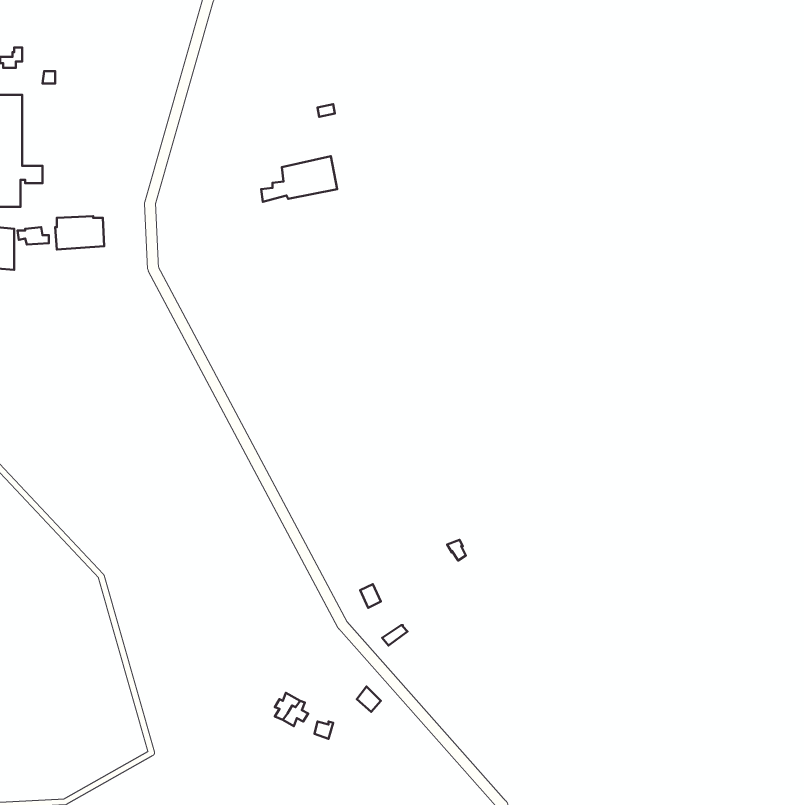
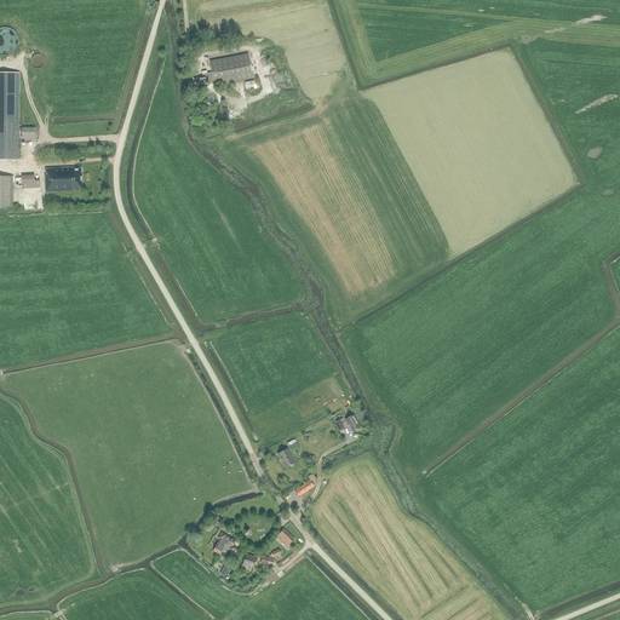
building: [261,156,337,202] -> [193,52,251,87]

